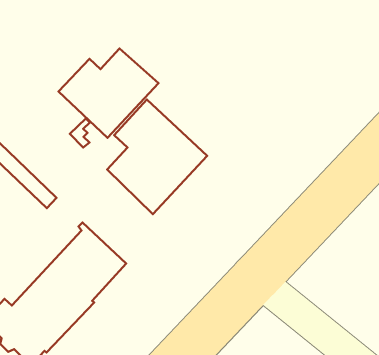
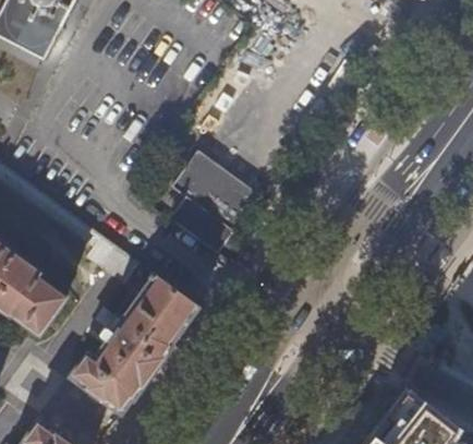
building: [59,49,159,138] -> none

